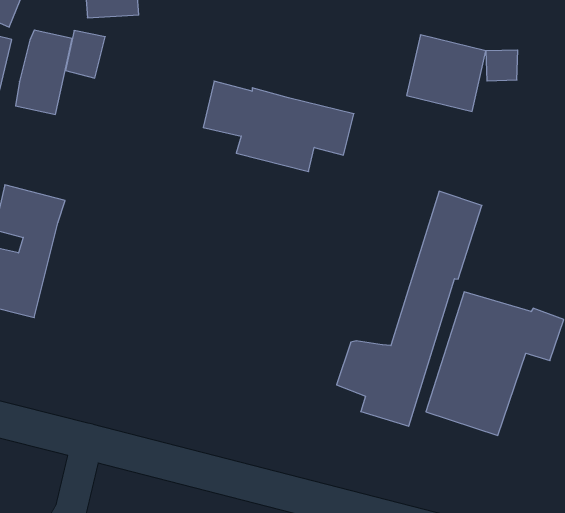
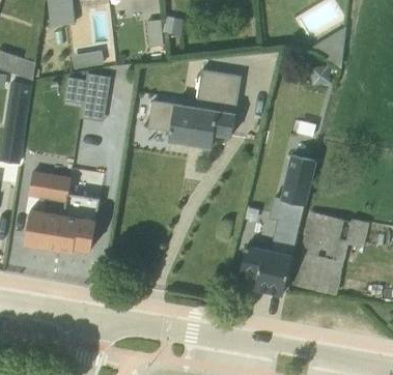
building: [16,30,72,114] -> [80,74,110,122]
building: [407,35,486,111] -> [196,70,241,113]
building: none -> [57,192,100,252]

